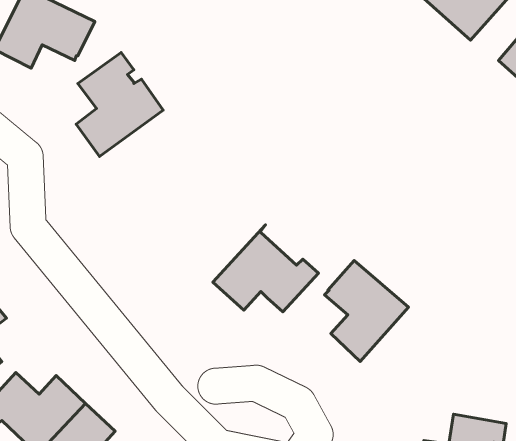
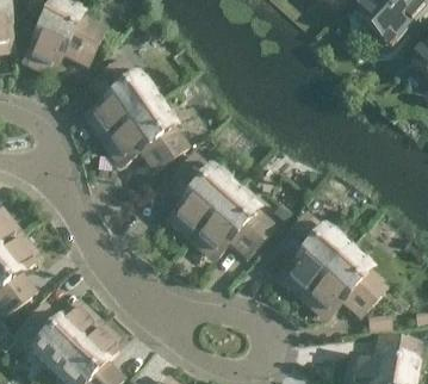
building: none -> [106,101,187,171]
building: none -> [166,154,234,234]
building: none -> [306,253,384,316]

